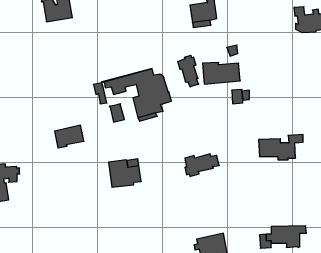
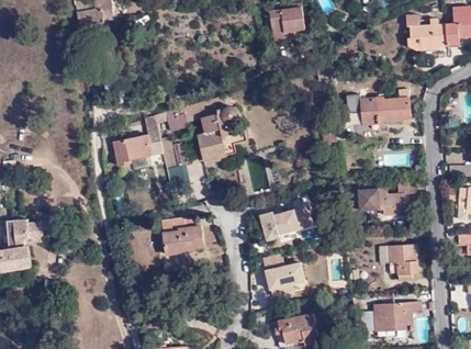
building: [178,55,199,87] -> none
building: [203,62,240,84] -> [361,97,411,125]
building: [55,125,84,148] -> [113,134,152,164]
building: none -> [382,244,418,280]
building: none -> [267,261,305,297]

